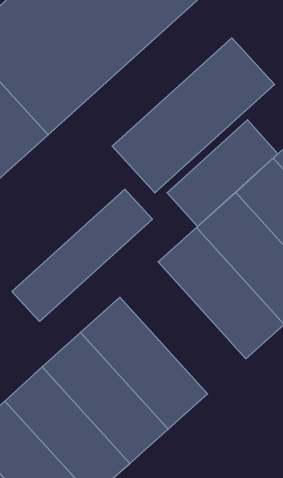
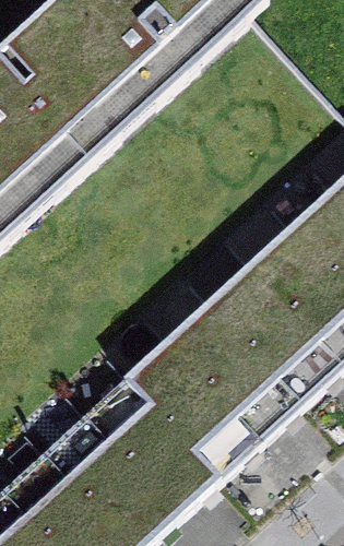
building: [112,38,275,193] -> none
building: [167,120,278,227] -> none
building: [12,189,152,321] -> none
building: none -> [155,308,292,451]

